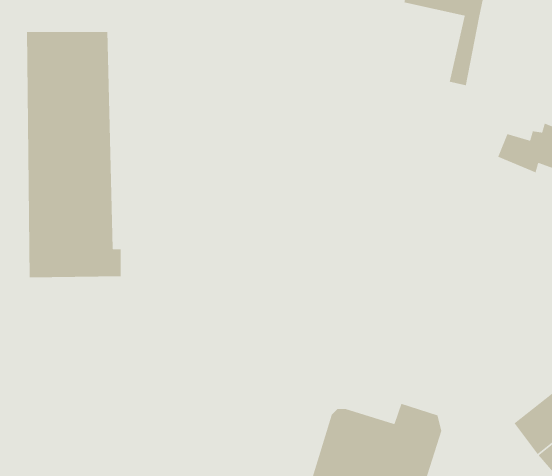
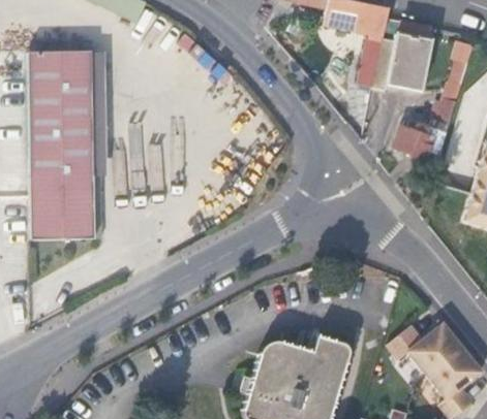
building: none -> [370,33,427,93]

